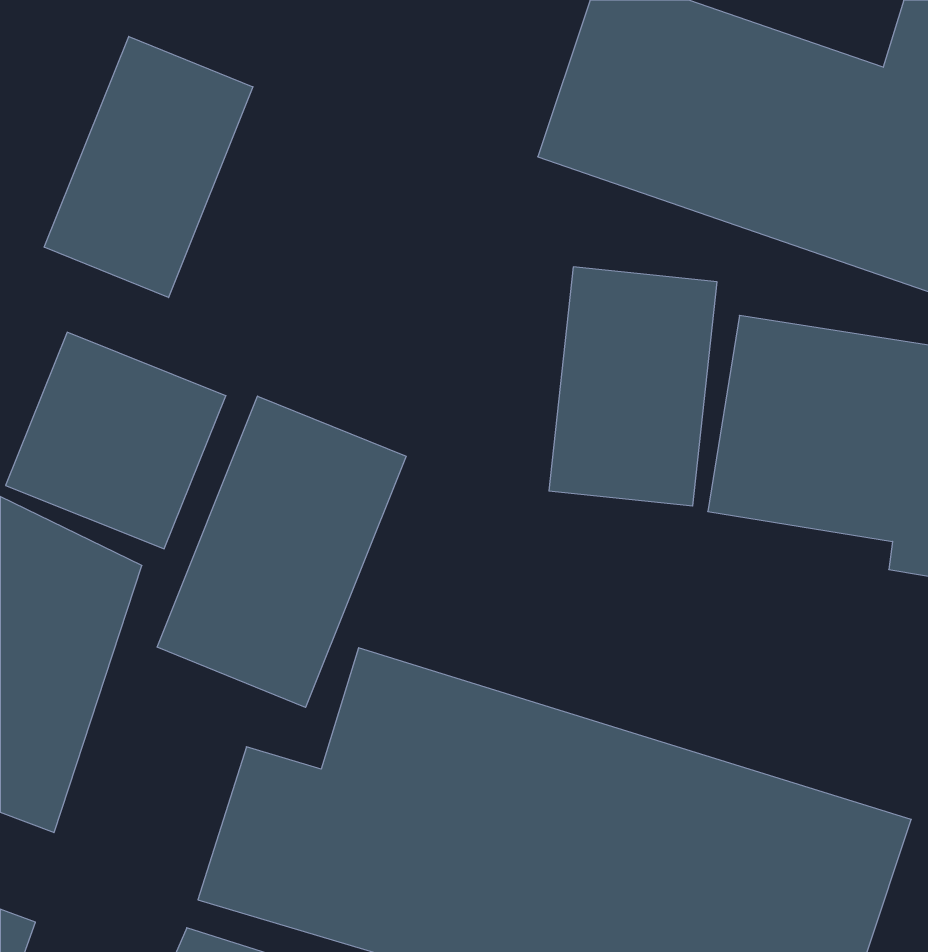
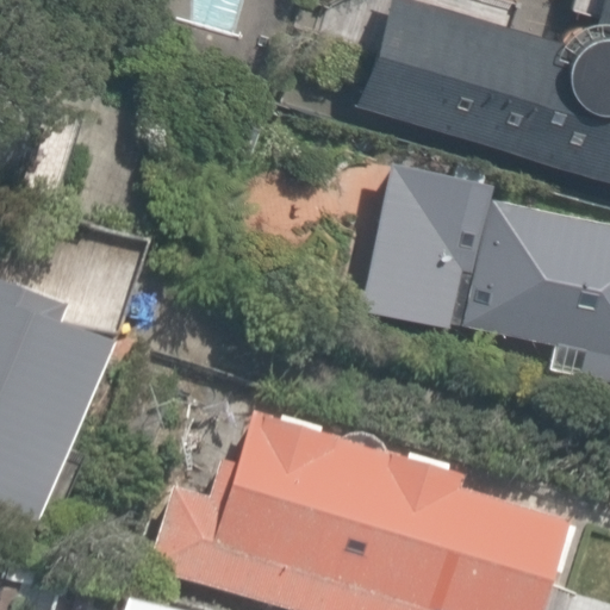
building: [44,36,253,298] -> none
building: [157,396,406,707] -> none

